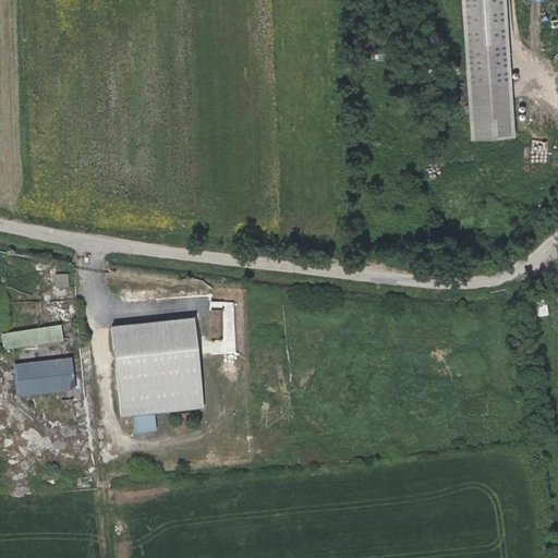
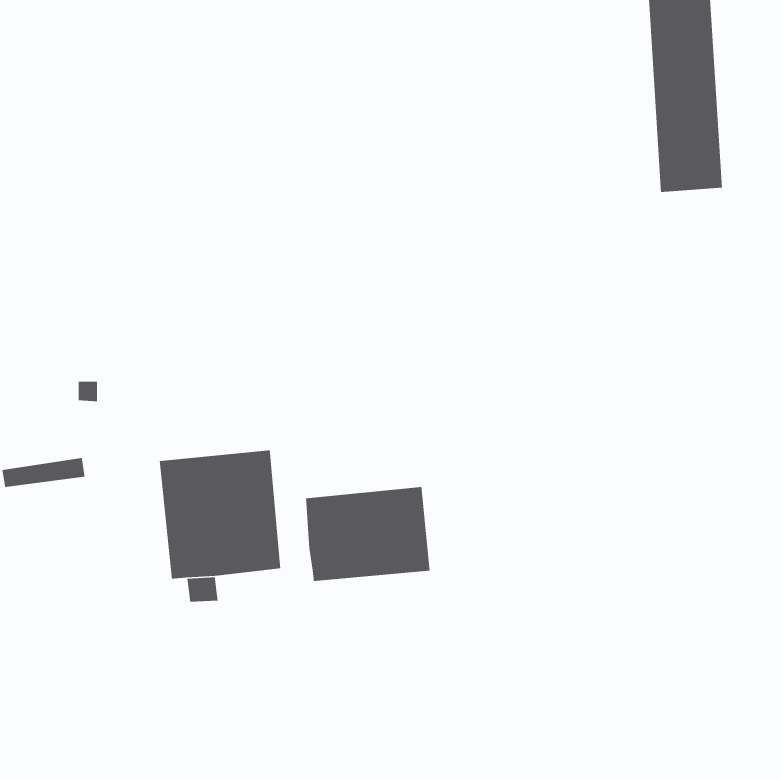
building: none -> [305,486,430,582]
building: [14,359,72,395] -> none

